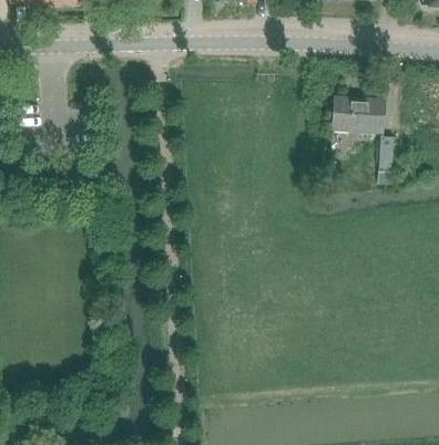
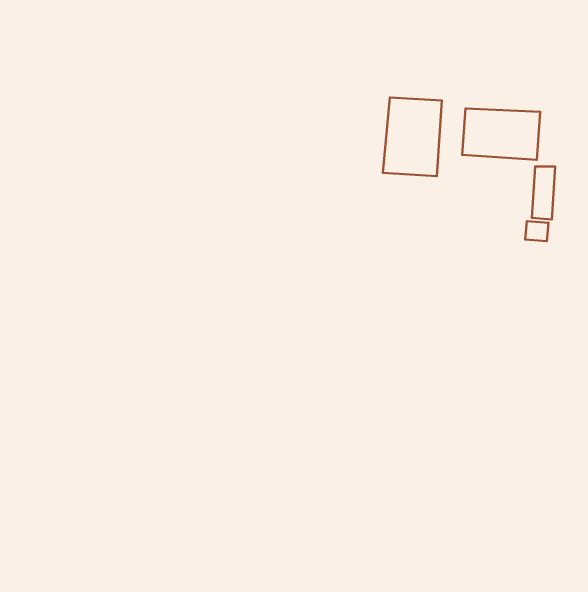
building: none -> [383,97,442,176]

